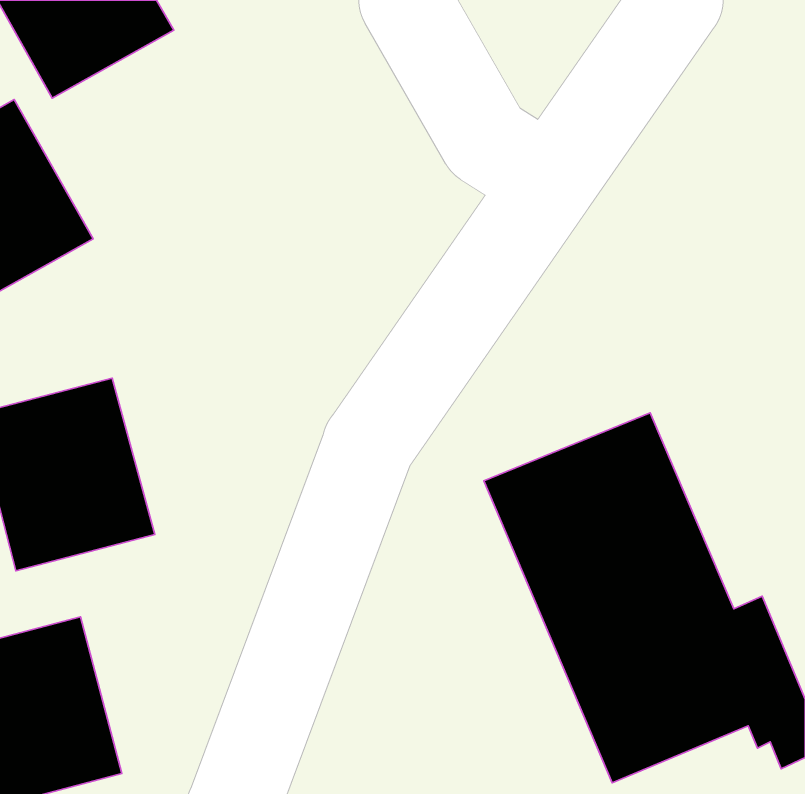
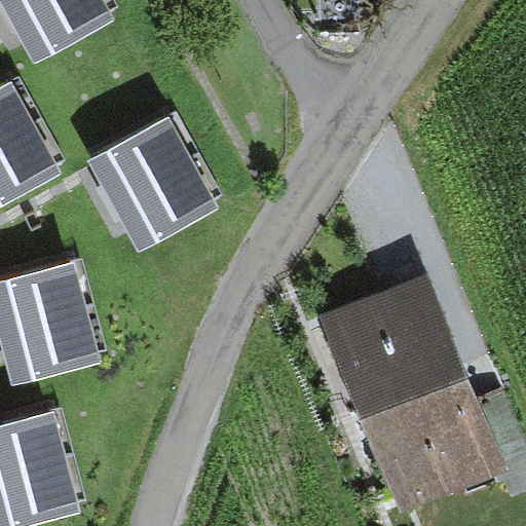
building: none -> [87,111,218,245]

